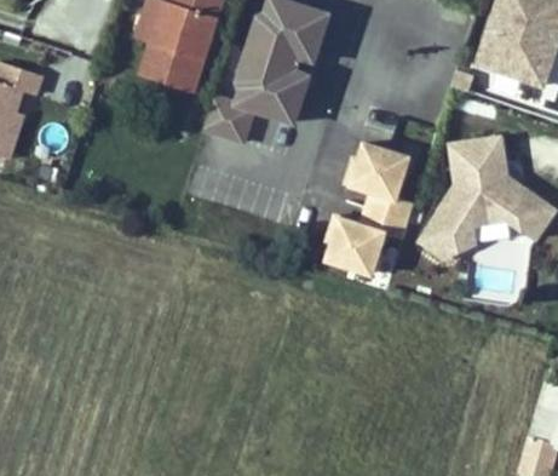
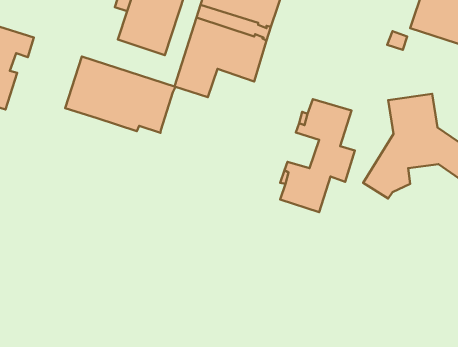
building: none -> [65,57,175,133]

